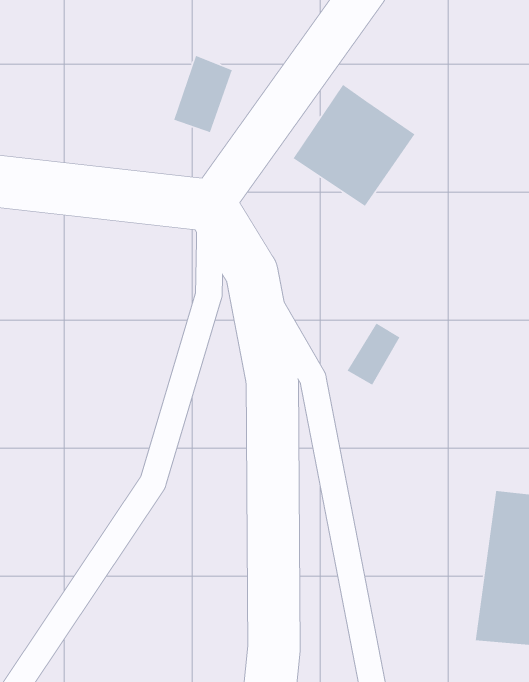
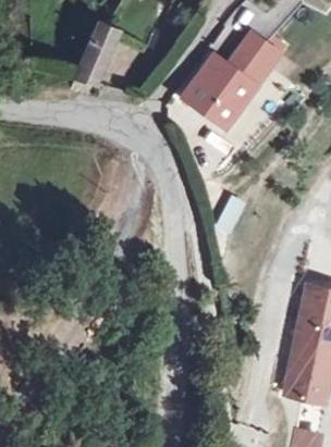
building: none -> [226,35,277,86]
building: [173,55,233,133] -> [78,33,113,78]

